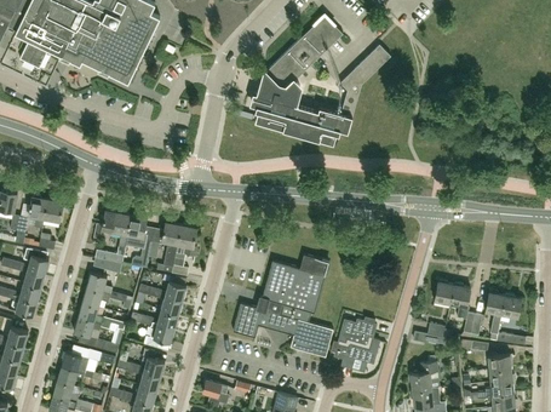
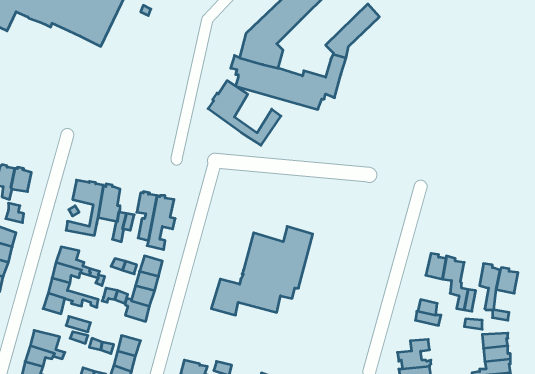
building: none -> [208,81,281,145]
building: [289,320,332,357] -> none
building: [334,320,378,370] -> none

